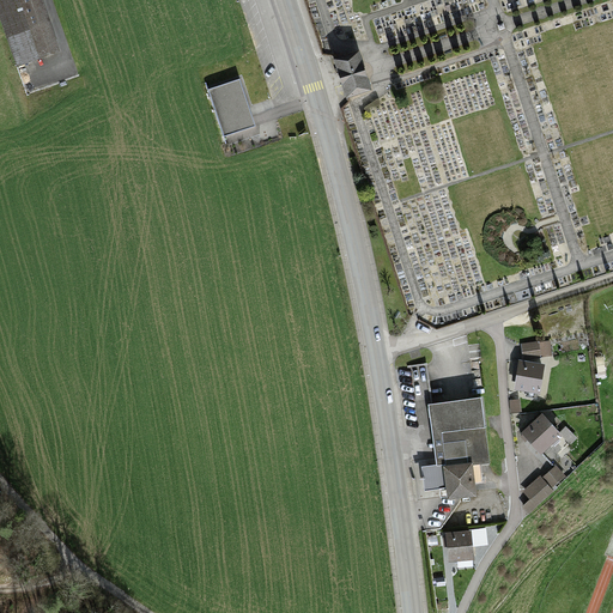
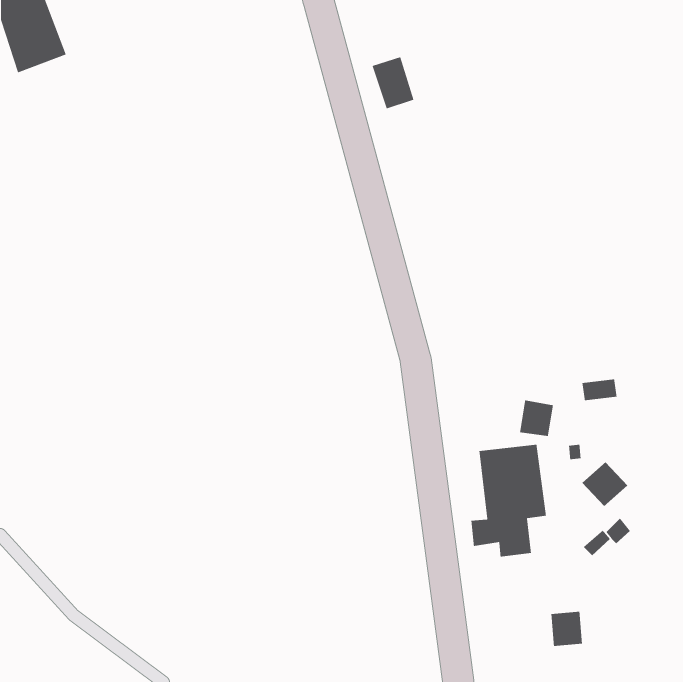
building: [208,78,254,134] -> none
building: [514,359,545,393] -> [519,399,554,437]
building: [445,529,474,562] -> [551,611,583,647]

